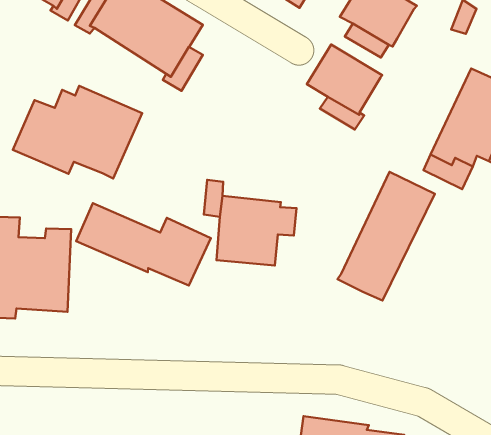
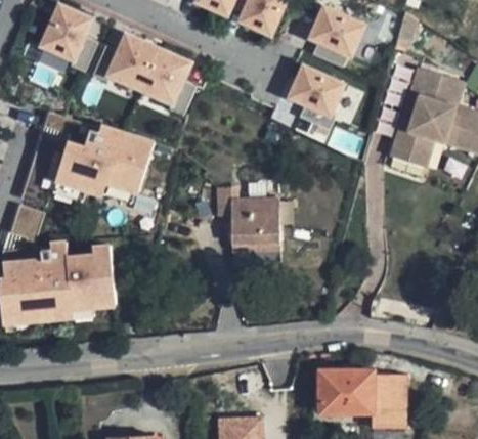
building: [338,172,435,300] -> none
building: [76,203,211,286] -> none

